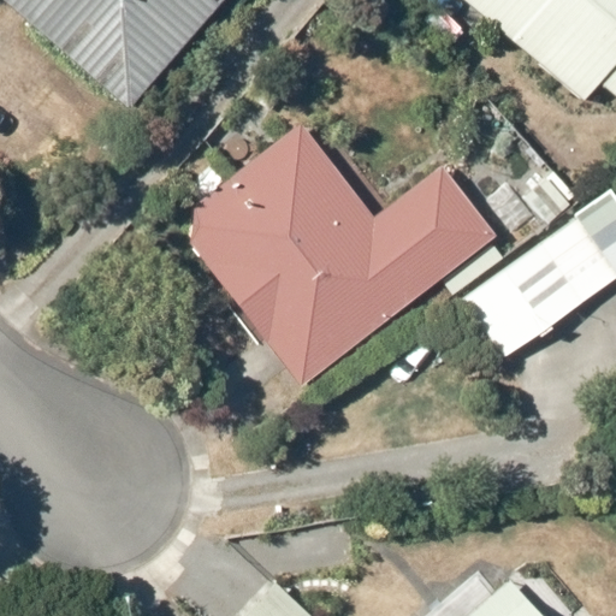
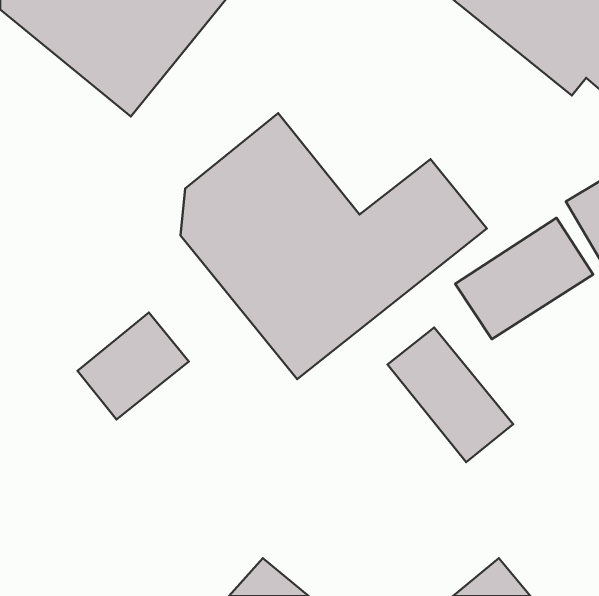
building: none -> [78,312,189,420]
building: none -> [387,327,513,462]

